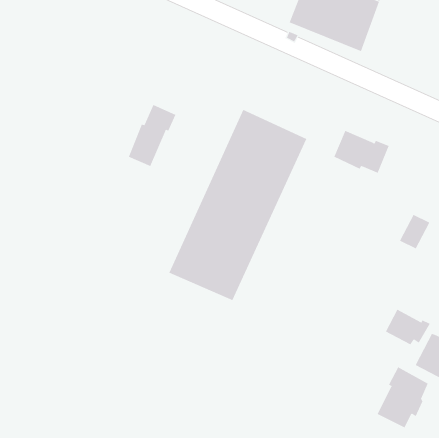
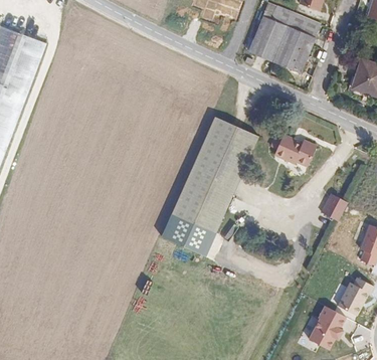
building: [128,104,176,167] -> none
building: [385,309,430,345] -> none

